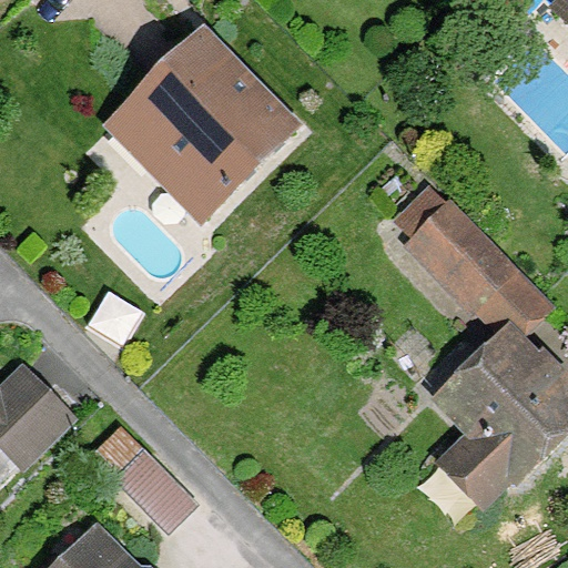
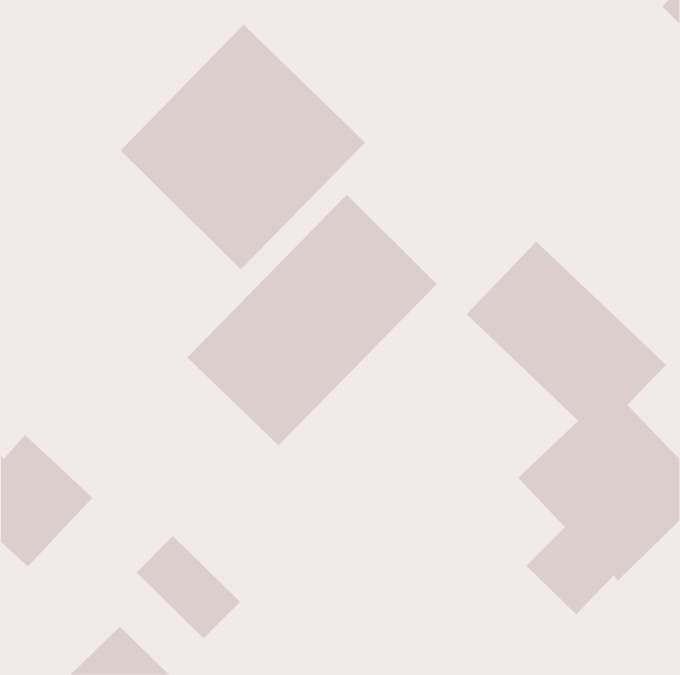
building: none -> [187,194,437,446]

